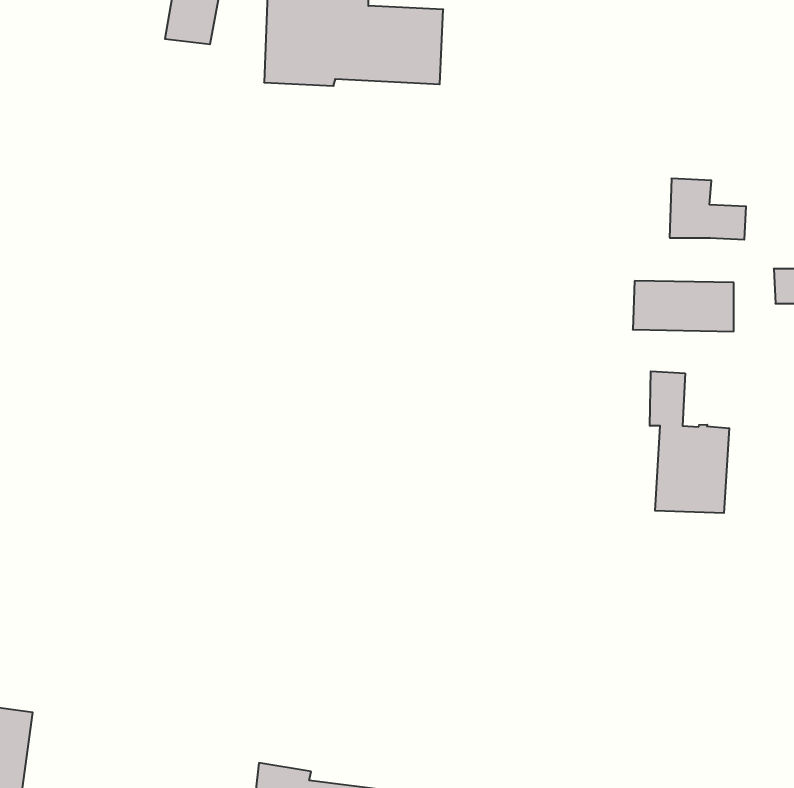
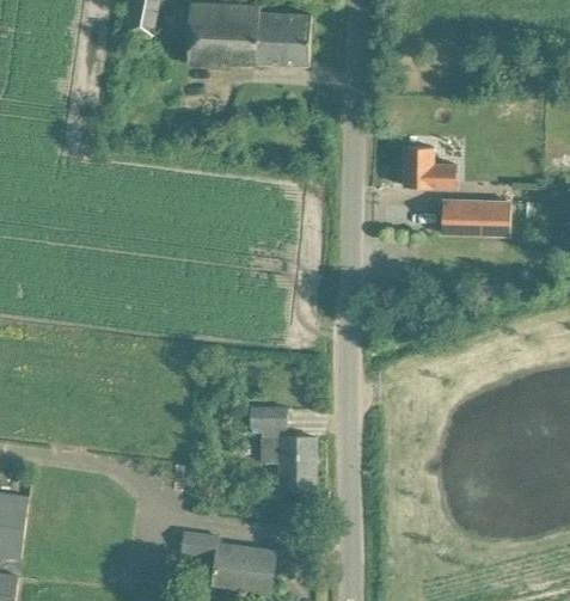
building: [670,179,746,240] -> [404,146,456,188]
building: [650,371,729,513] -> none
building: none -> [249,407,314,489]

